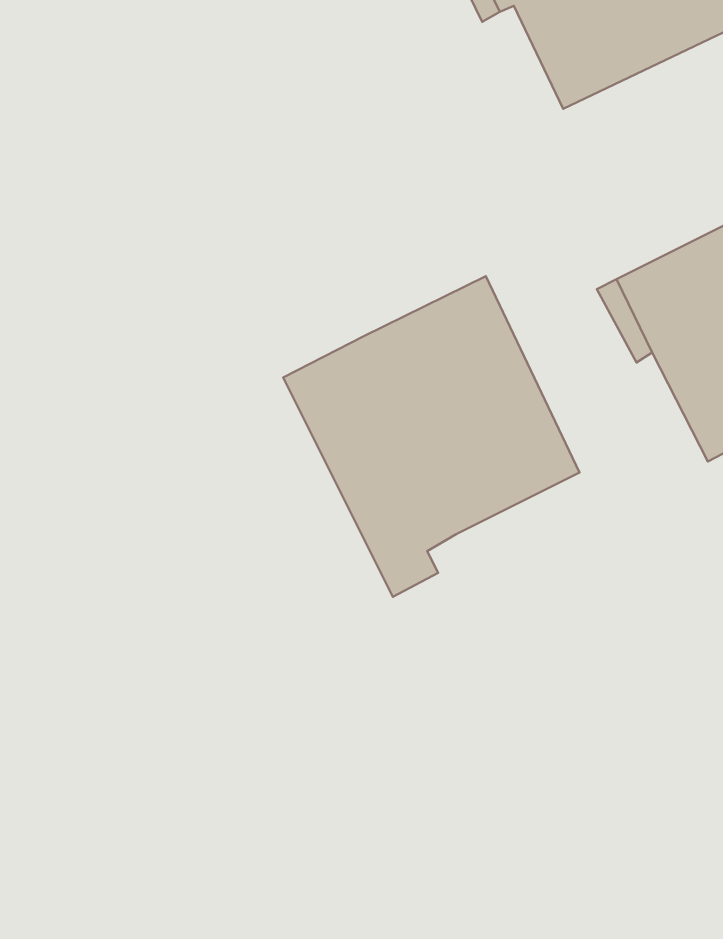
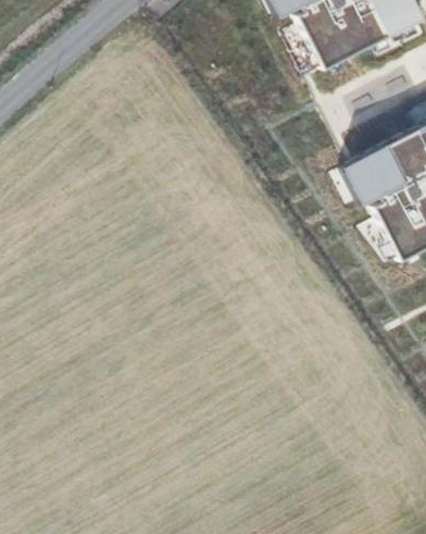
building: [283,276,580,597] -> none

